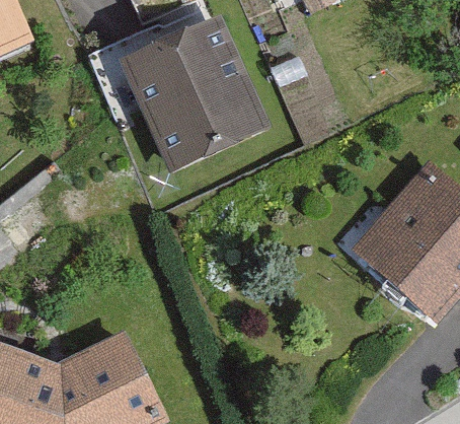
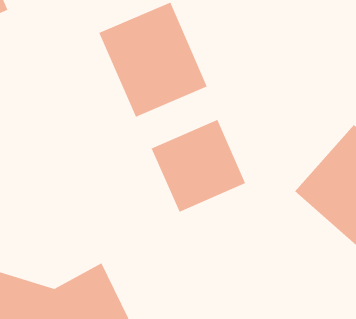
building: none -> [151,119,246,213]

